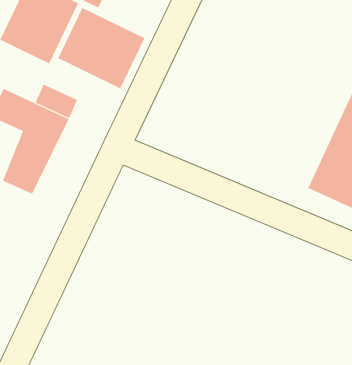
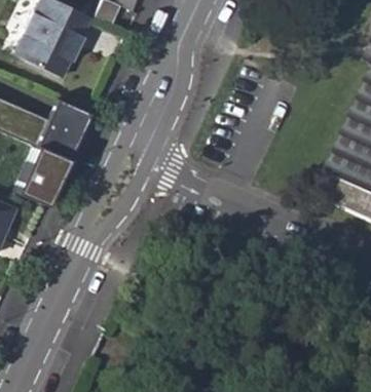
building: [57,7,145,89] -> none

